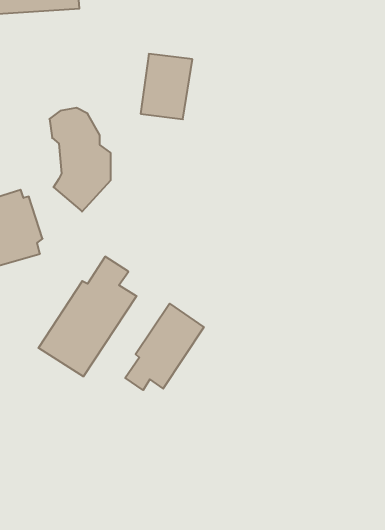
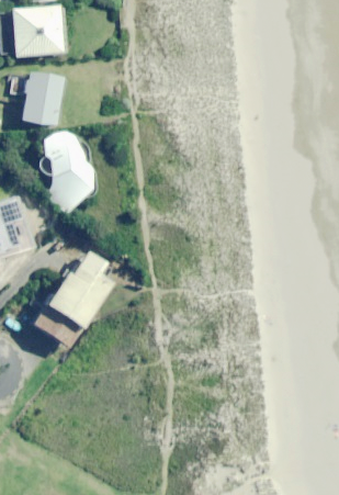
building: [141,54,192,119] -> [21,72,63,125]
building: [125,304,204,390] -> none

